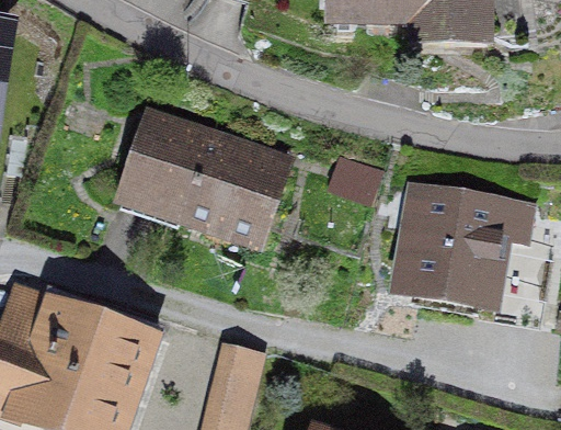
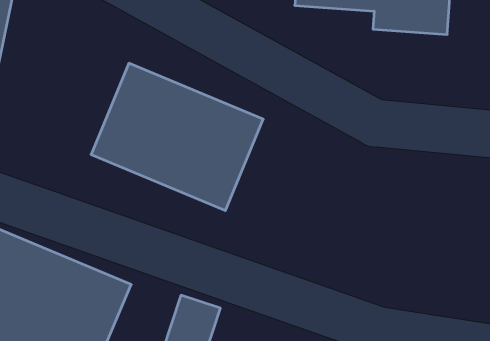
building: [392,179,526,317] -> none

